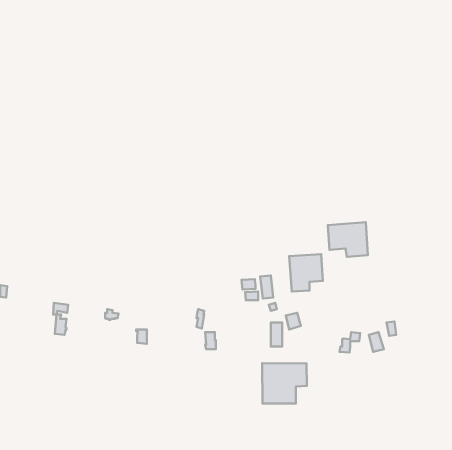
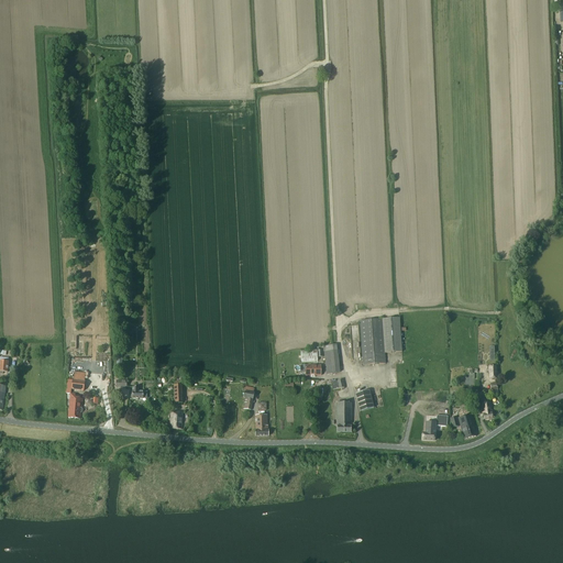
building: [328,222,368,257] -> none
building: [262,363,307,404] -> none

